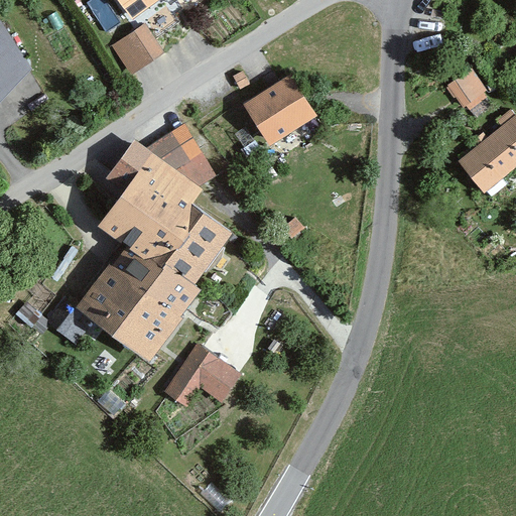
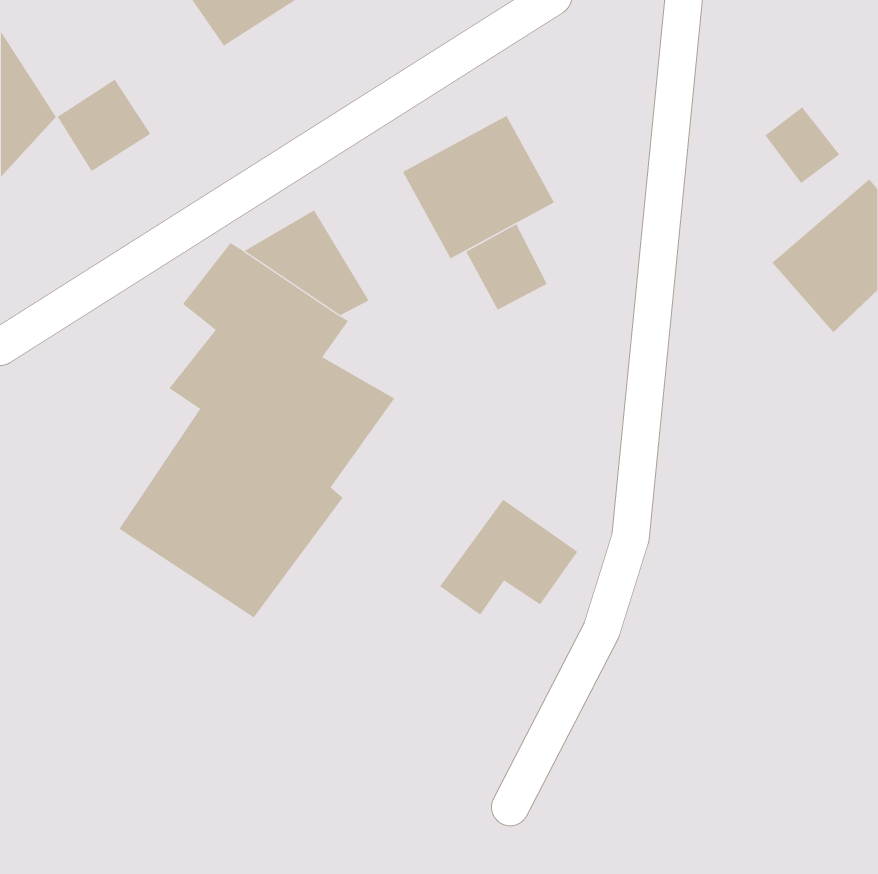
building: [112,21,167,76] -> [57,79,151,172]
building: none -> [465,223,547,311]
building: [161,341,243,409] -> [439,499,578,615]

